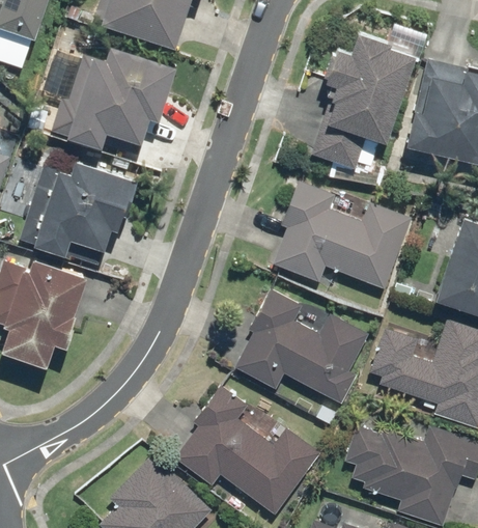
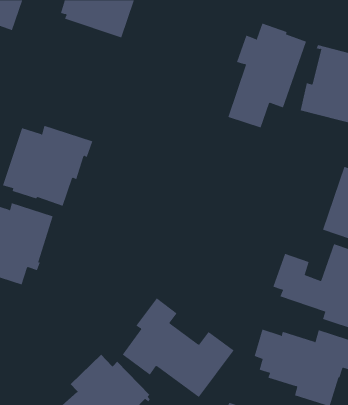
building: [52,49,176,157] -> none
building: [273,180,412,289] -> none
building: [234,289,369,405] -> none

